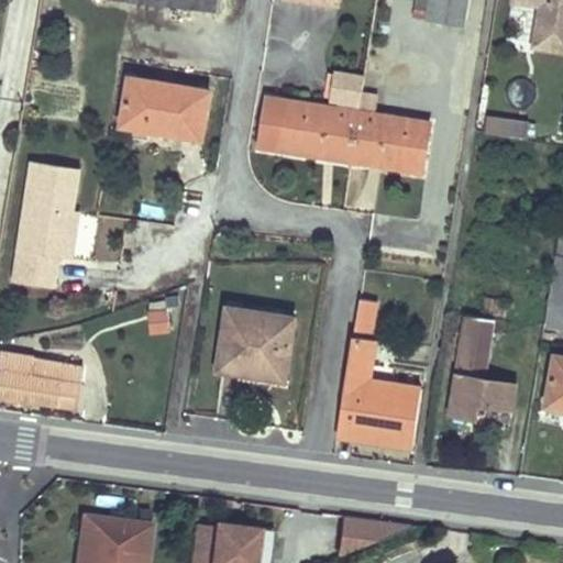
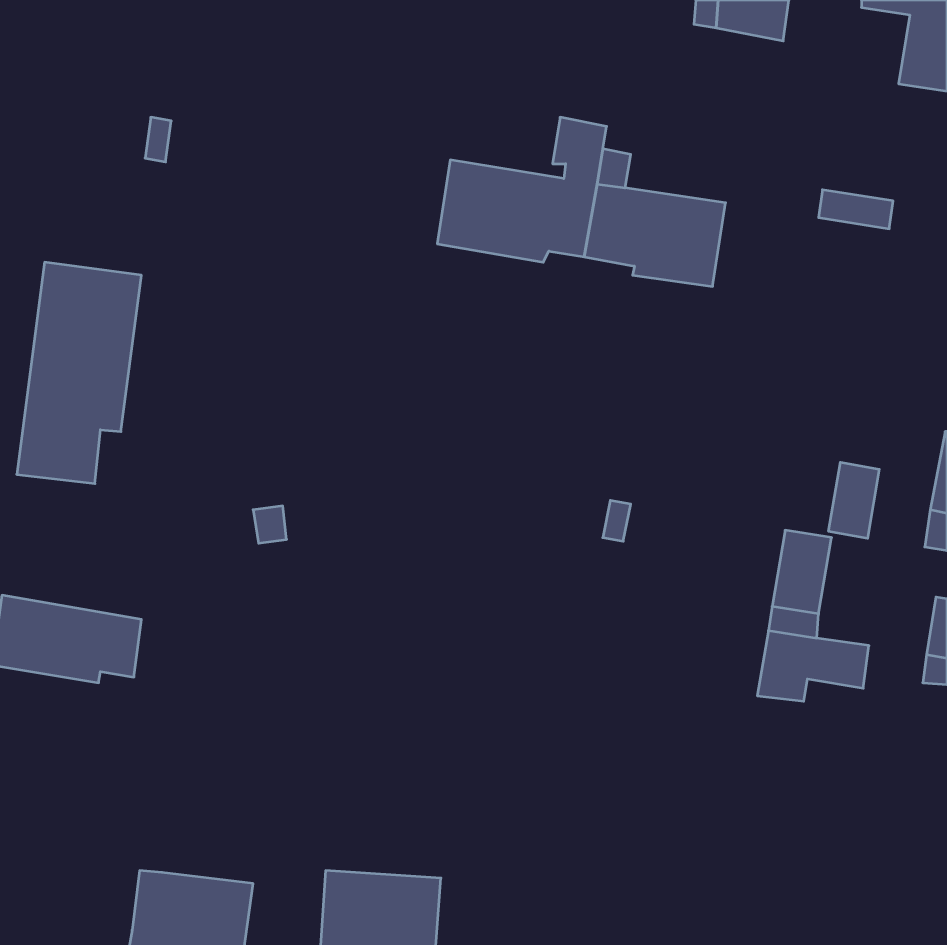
building: [121,78,207,139] -> none
building: none -> [829,462,879,538]
building: [217,307,294,382] -> none
building: [336,338,424,446] -> none

